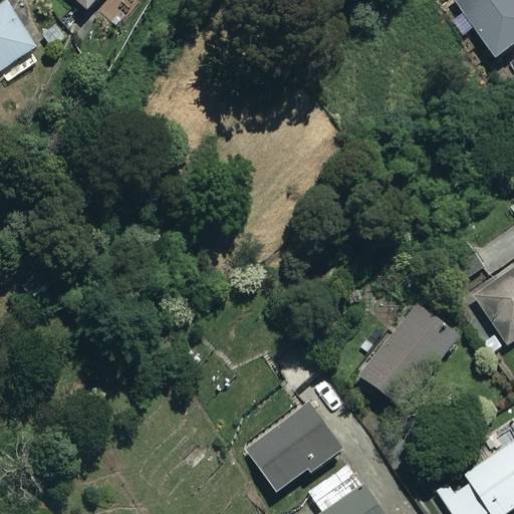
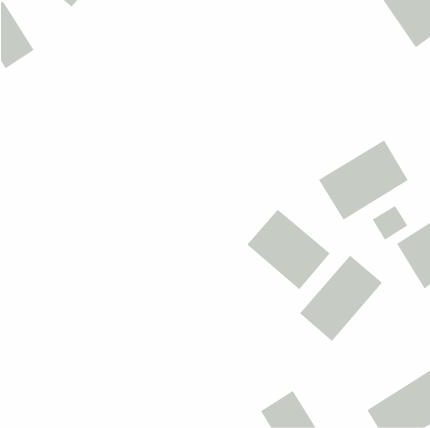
building: none -> [318,139,409,221]
building: none -> [246,209,330,290]
building: [248,408,338,492] -> none

